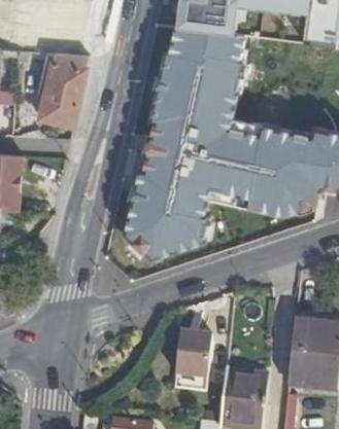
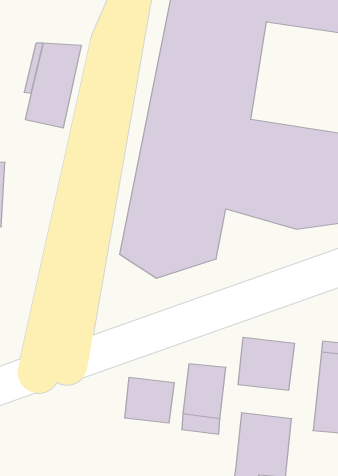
building: none -> [238,337,295,390]
building: none -> [125,377,174,423]

